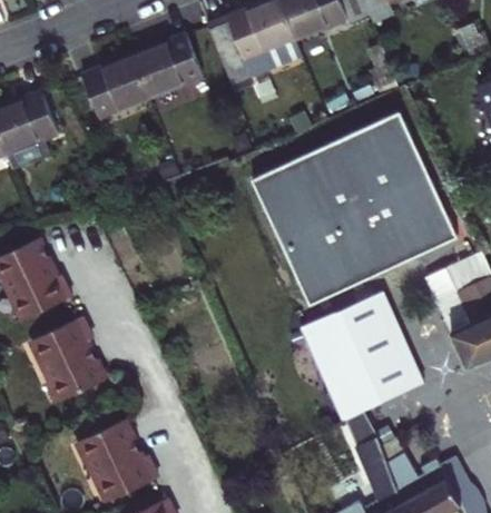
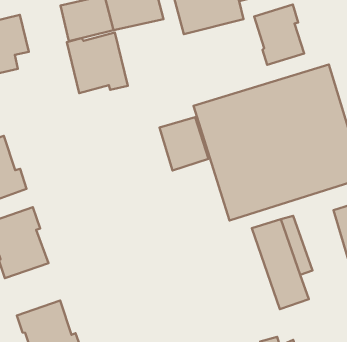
building: none -> [254,5,304,65]
building: none -> [67,32,128,93]
building: none -> [159,117,209,170]
building: [298,307,377,415] -> none

